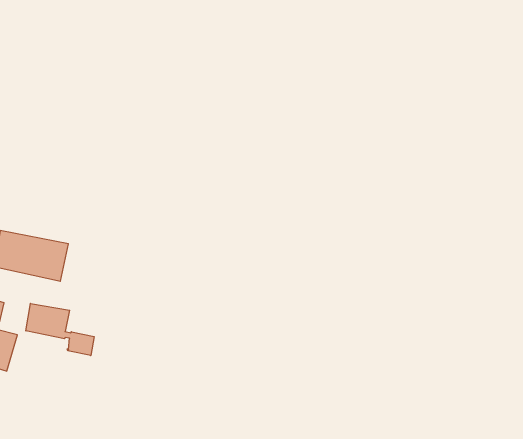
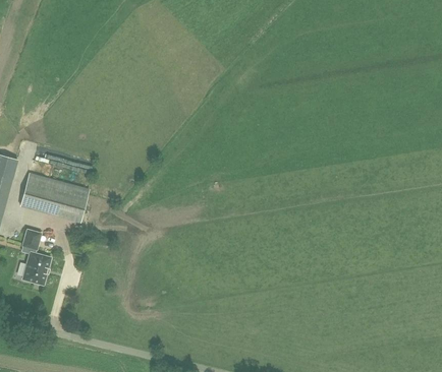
building: [26,303,94,356] -> none

